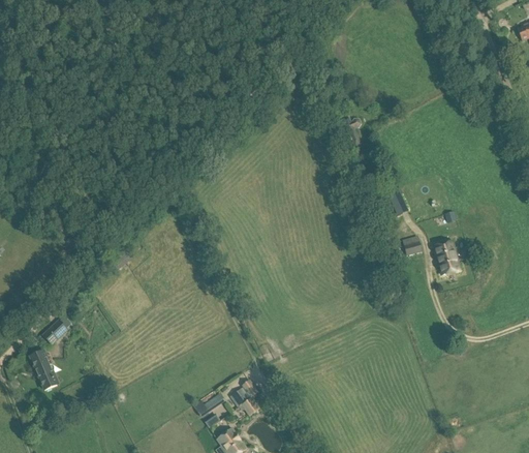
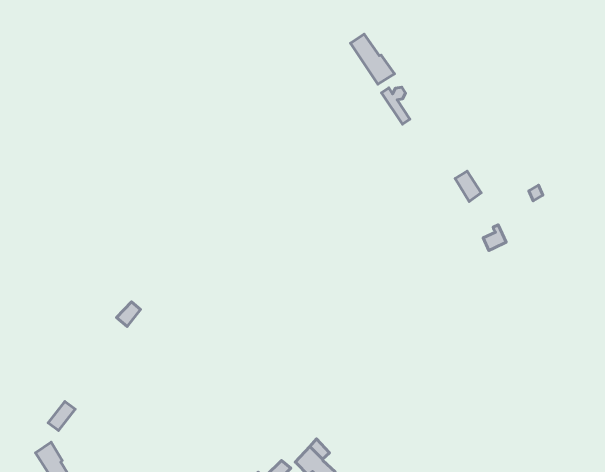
building: none -> [351,34,394,84]
building: [434,241,460,274] -> none

